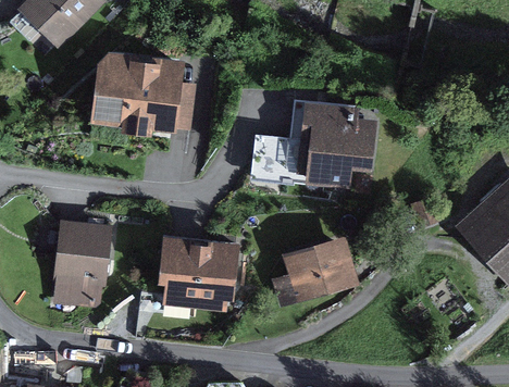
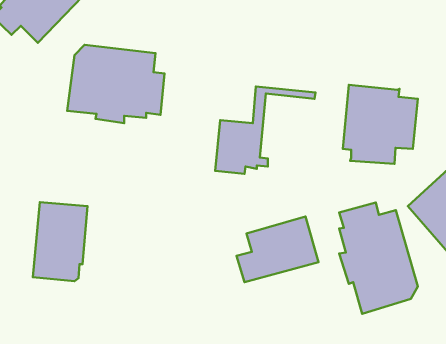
building: [296,104,376,189] -> [343,85,418,164]
building: none -> [339,203,418,314]
building: [157,234,239,311] -> none

